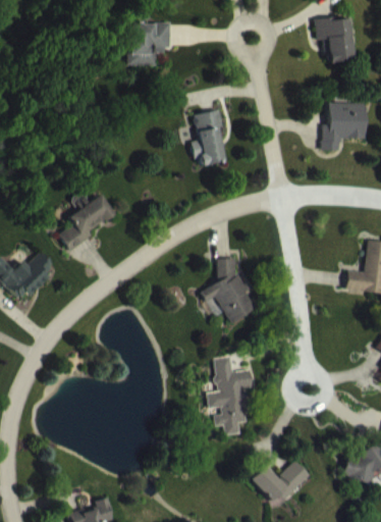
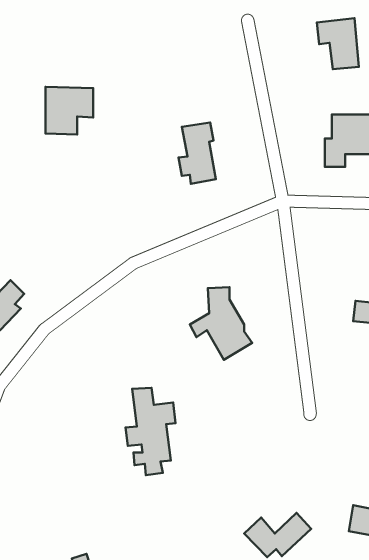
building: [127,23,170,66] -> [46,87,93,135]
building: [59,195,113,251] -> none
building: [208,357,253,435] -> [125,388,175,475]

